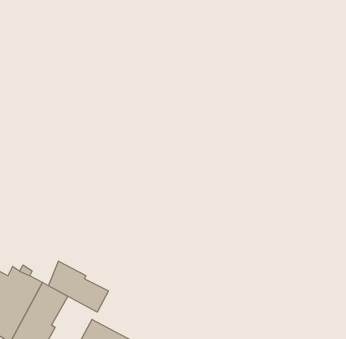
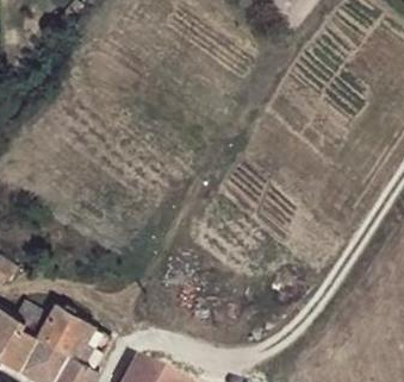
building: [49,261,108,312] -> none

